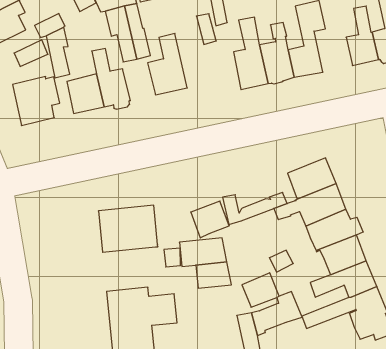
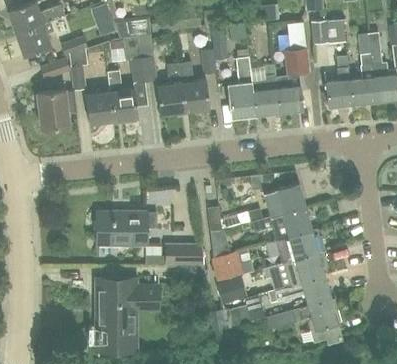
building: none -> [180,63,209,112]
building: [191,201,229,238] -> [211,253,243,283]

